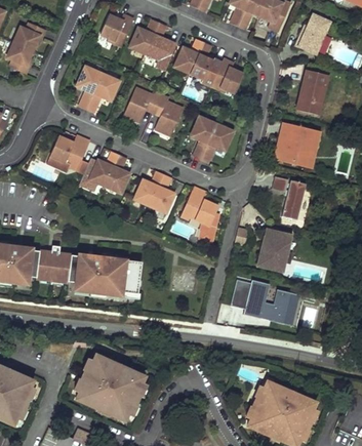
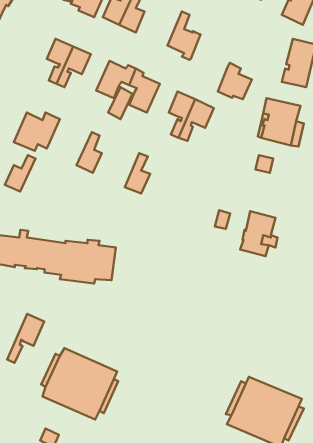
building: [175,38,204,73] -> none
building: [212,58,244,92] -> [218,63,252,99]
building: [91,151,120,185] -> [5,155,36,192]
building: [135,170,164,205] -> none
building: [283,179,307,219] -> none
building: [182,187,219,239] -> none
building: [231,279,305,326] -> none
building: none -> [7,314,44,363]

